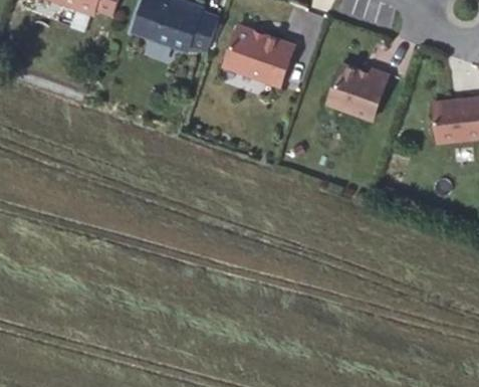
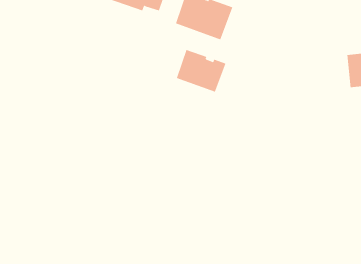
building: [327,63,389,120] -> none
building: none -> [176,49,226,92]

